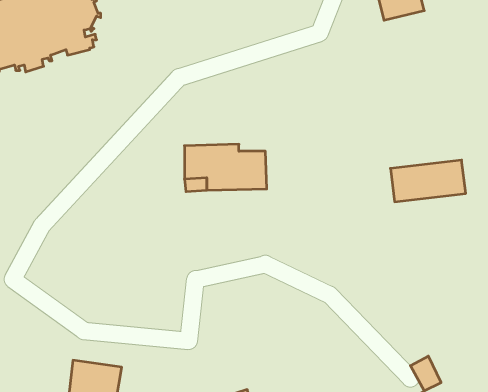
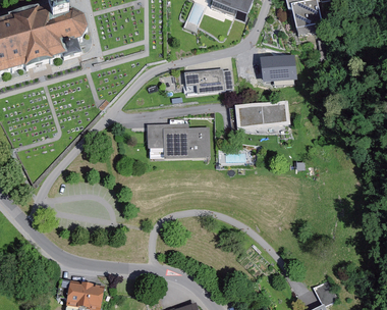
building: none -> [259,51,296,81]
building: none -> [181,67,231,96]
building: [390,160,466,202] -> [237,100,292,131]

